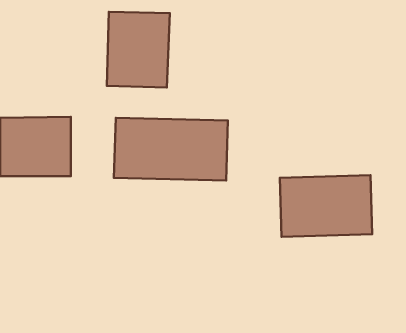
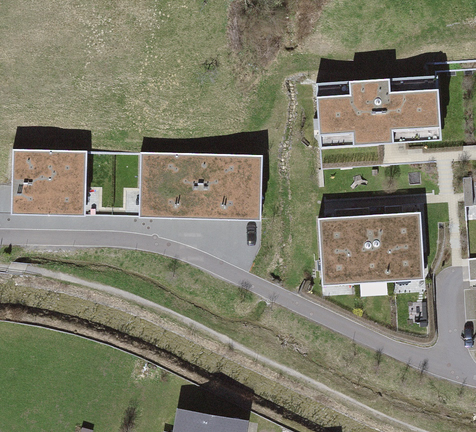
building: [107,12,170,87] -> none
building: none -> [312,78,445,150]

